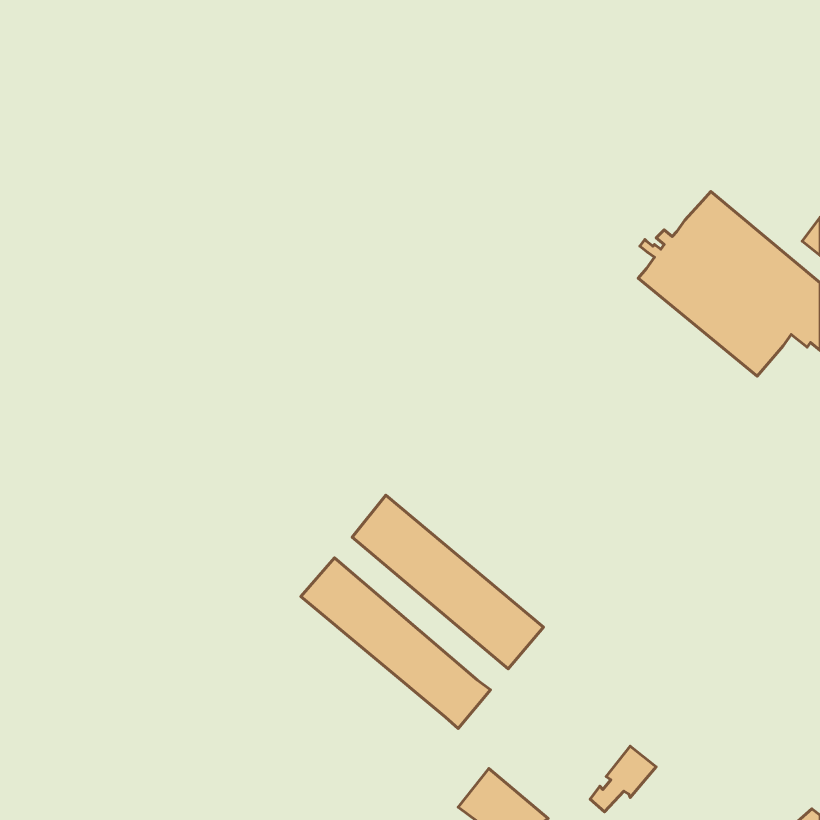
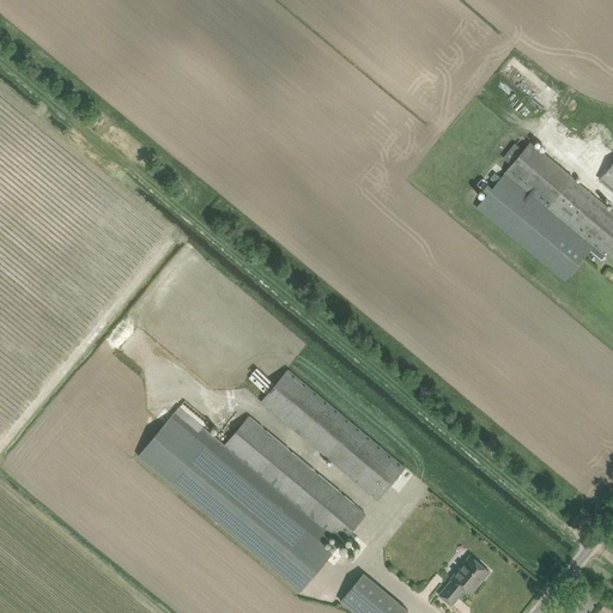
building: none -> [138,402,332,591]

